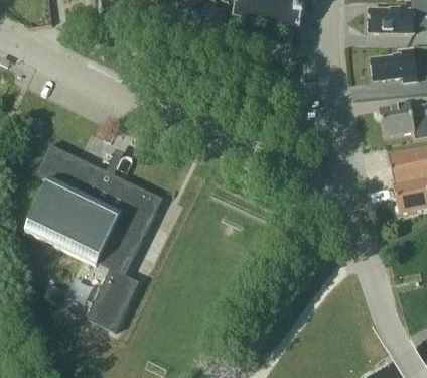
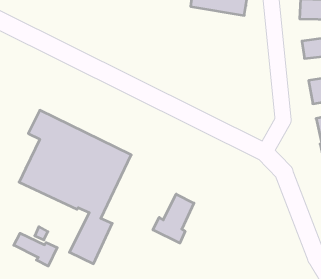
building: none -> [153,194,194,243]
building: none -> [14,233,57,266]

